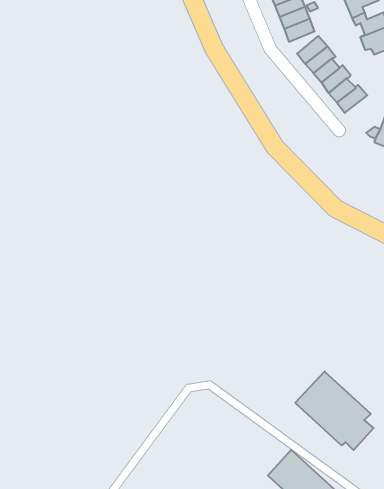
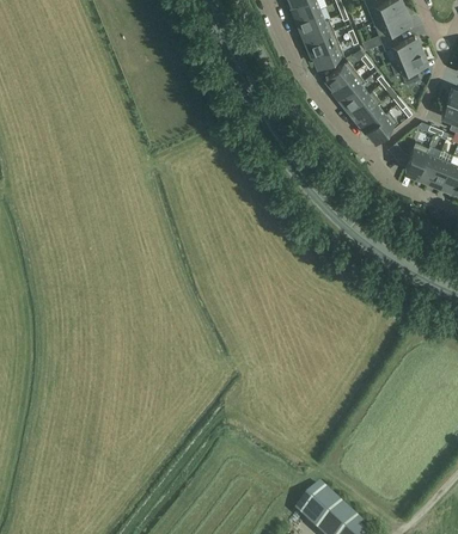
building: [295,371,374,450] -> none

